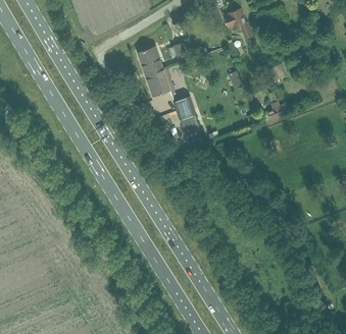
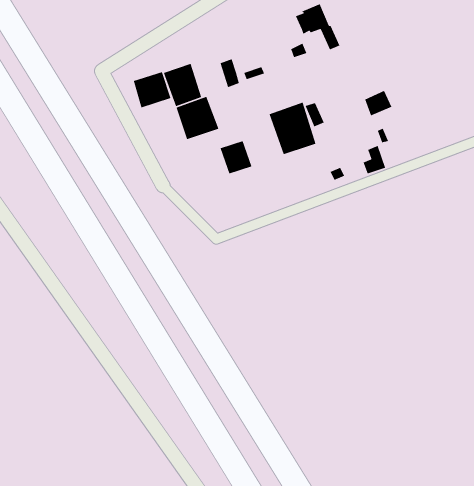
building: none -> [133,71,172,109]
building: none -> [268,101,317,155]

